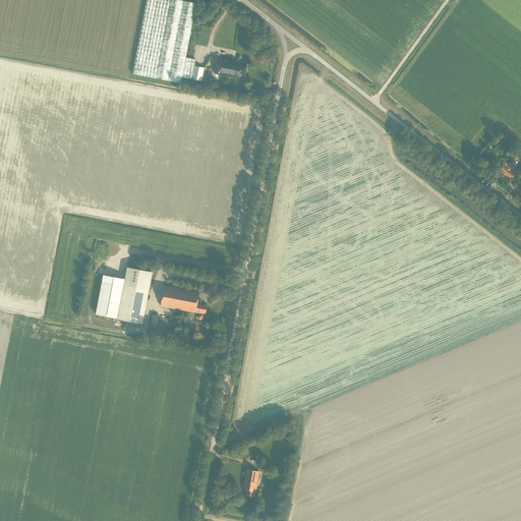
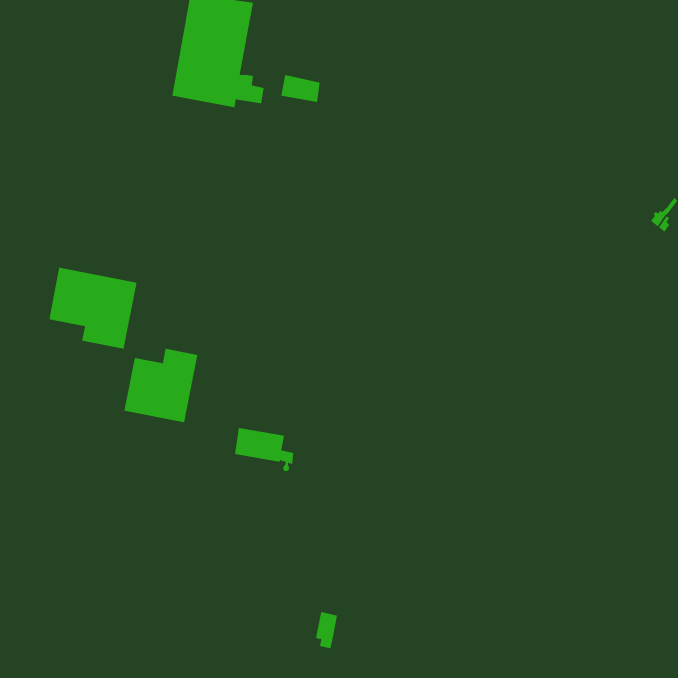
building: none -> [49,267,137,350]
building: [160,285,206,319] -> [234,427,294,471]

